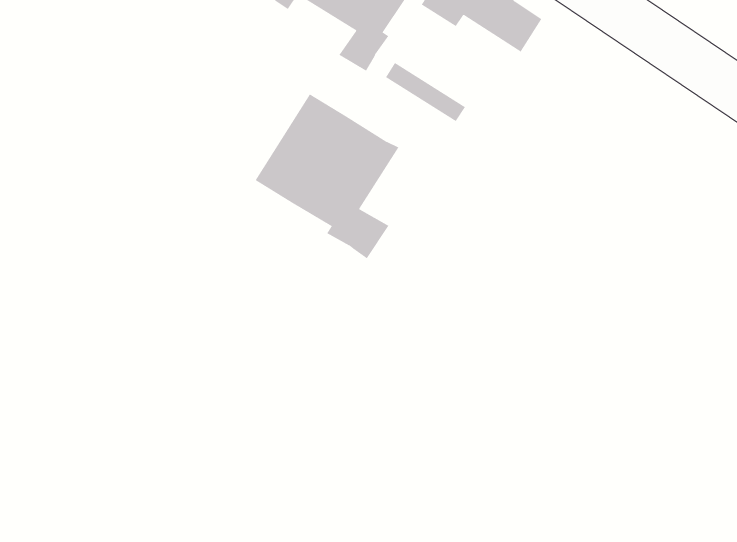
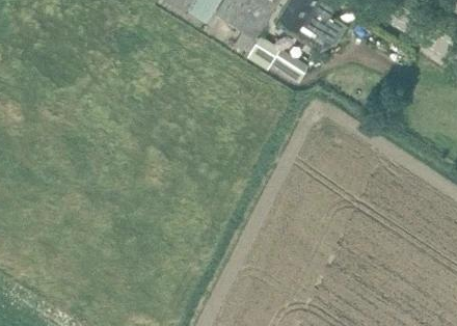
building: [255,93,399,259] -> none

